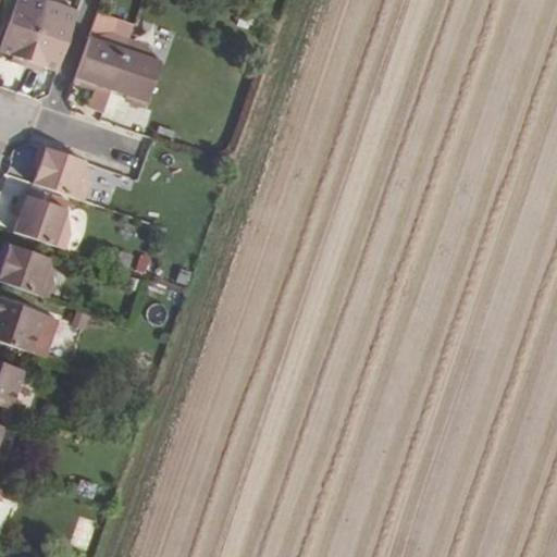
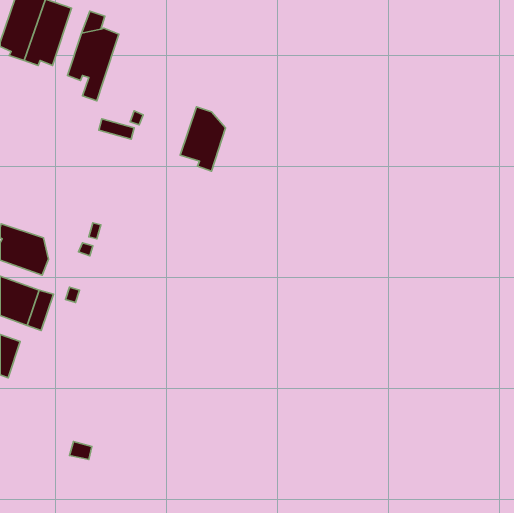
building: [112,37,161,107] -> [180,107,226,171]
building: [32,145,89,200] -> none
building: [12,193,70,248] -> none

